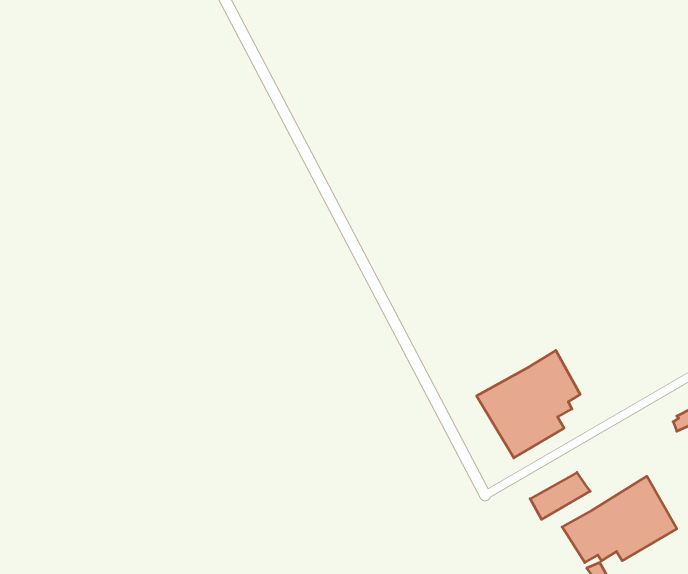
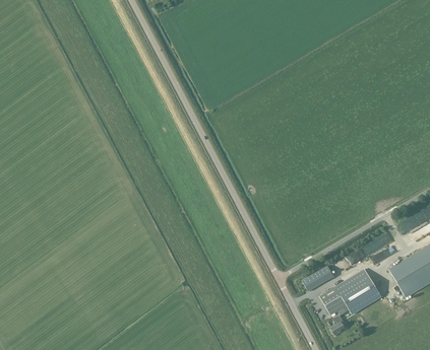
building: [477,350,580,458] -> none

